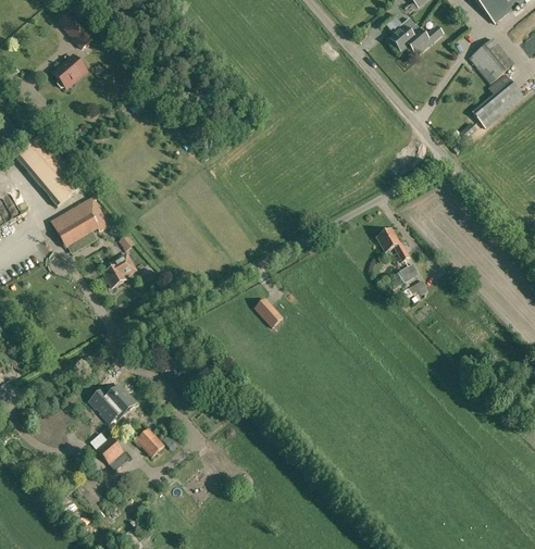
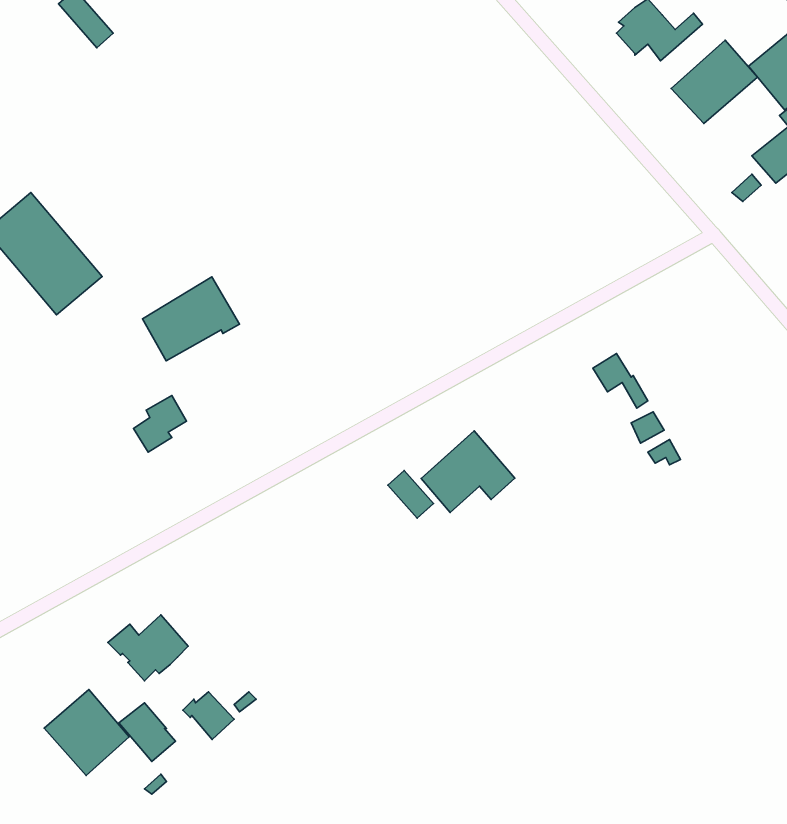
building: none -> [671,40,757,123]
building: [53,55,86,88] -> none
building: [51,197,109,247] -> [142,277,239,361]
building: none -> [421,431,515,513]
building: none -> [44,690,129,775]

